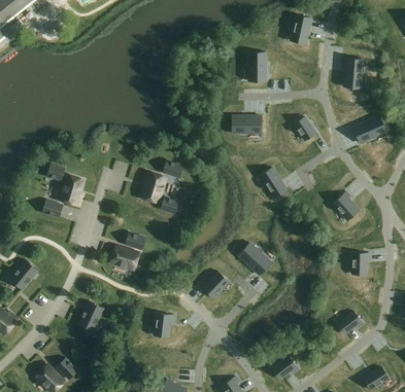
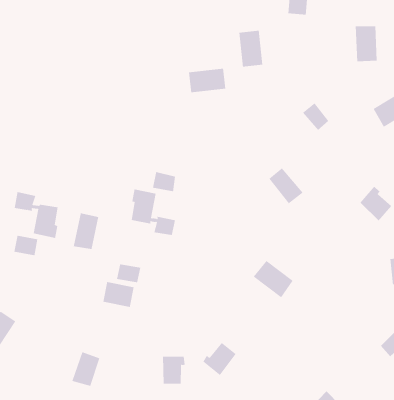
building: [232,115,262,133] -> [188,68,226,93]
building: none -> [73,212,99,250]
building: [199,272,228,299] -> [202,342,236,376]

